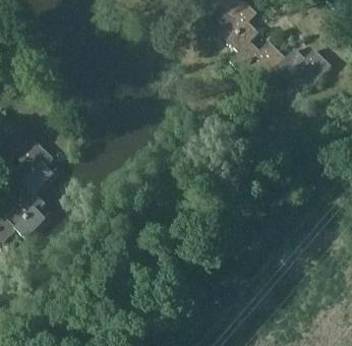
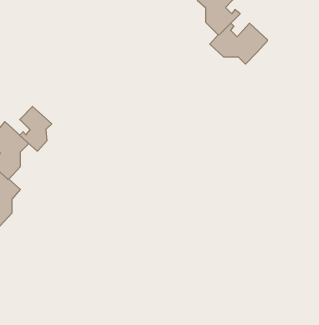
building: [275,47,331,88] -> none
building: none -> [19,106,52,151]

